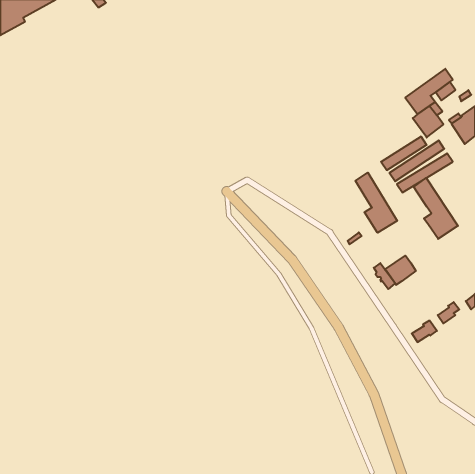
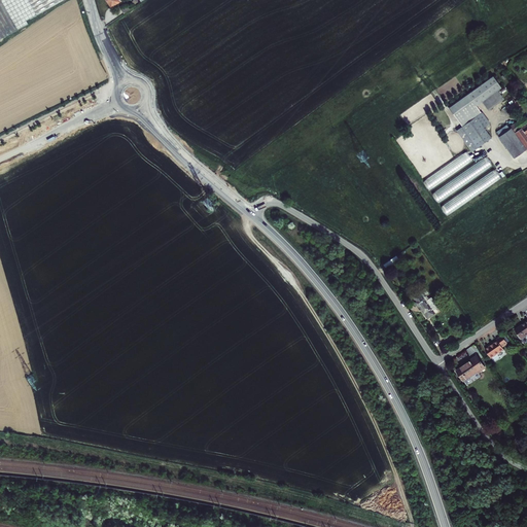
building: [355,173,397,233] -> none
building: [414,178,458,239] -> none
building: [385,256,416,285] -> none

